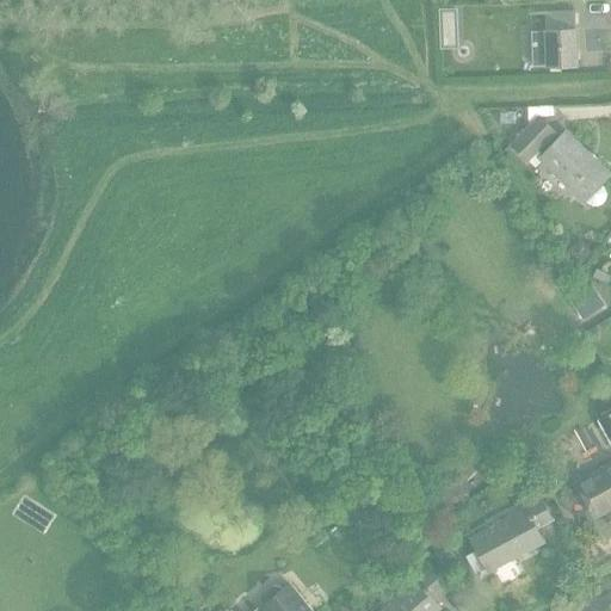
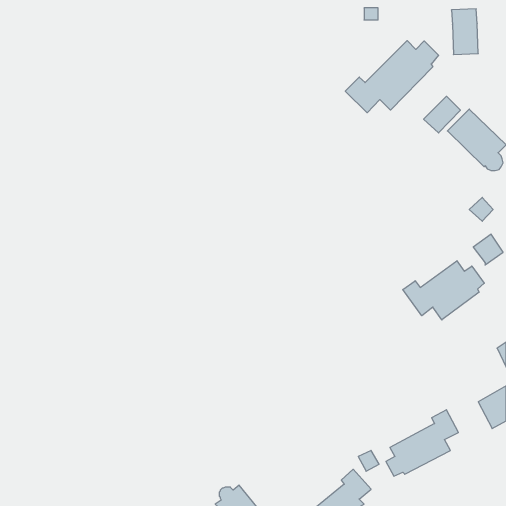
building: none -> [345,41,439,113]
building: none -> [403,261,484,320]

